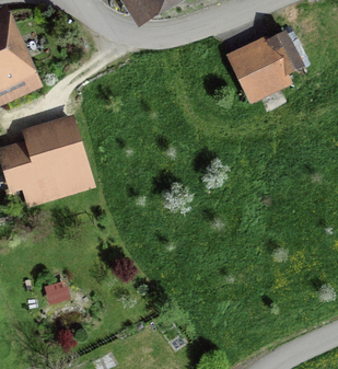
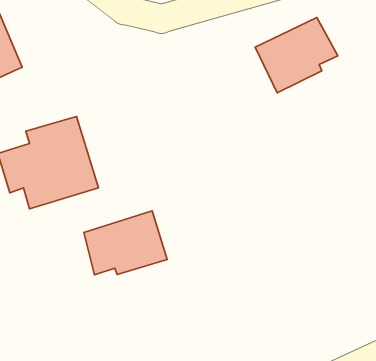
building: none -> [84,211,167,275]

